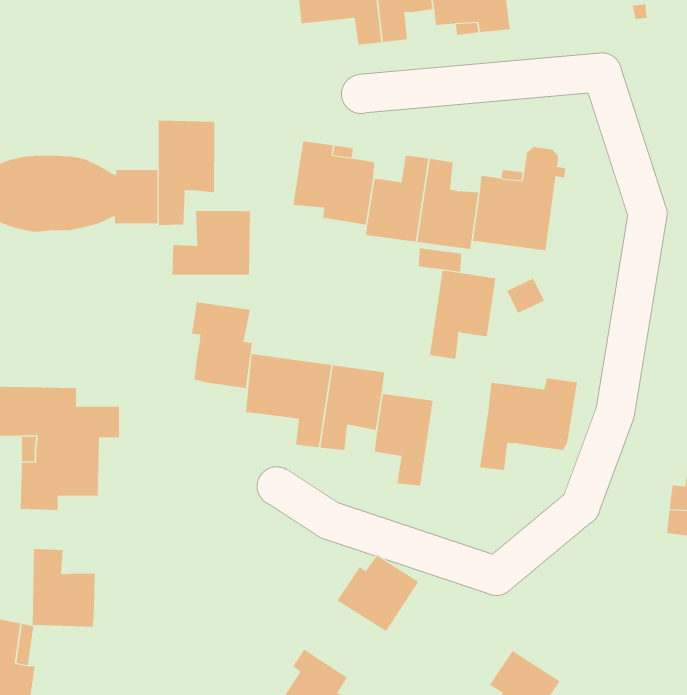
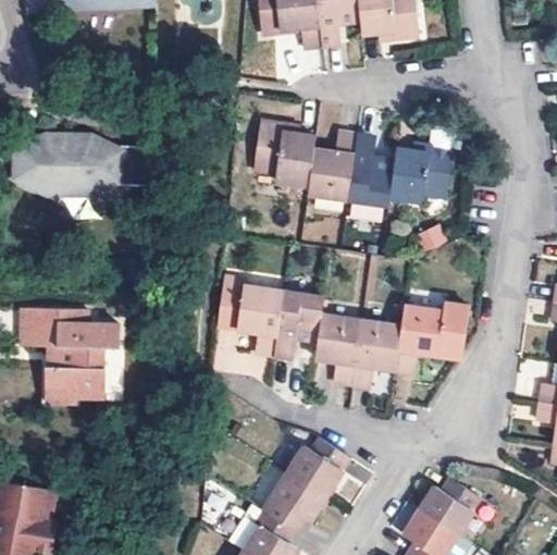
building: [158,120,215,226] -> none
building: [172,210,250,275] -> none
building: [429,270,496,360] -> [350,320,401,388]
building: [192,302,252,389] -> none
building: [32,548,95,627] -> none
building: none -> [261,472,324,531]
building: none -> [420,478,480,534]

